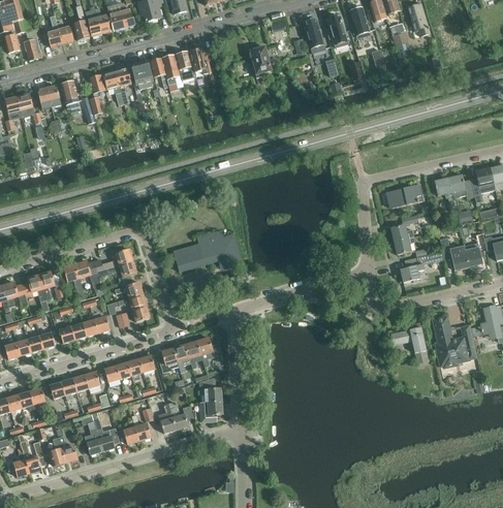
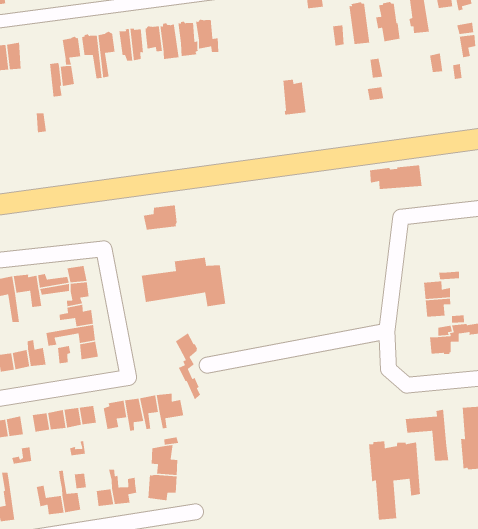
building: [250,45,272,74] -> [282,79,306,115]
building: [61,80,80,117] -> none
building: [382,184,425,208] -> [369,164,422,190]
building: none -> [143,205,178,231]
building: none -> [175,332,201,400]
building: none -> [368,440,421,520]
building: [91,411,120,451] -> none

